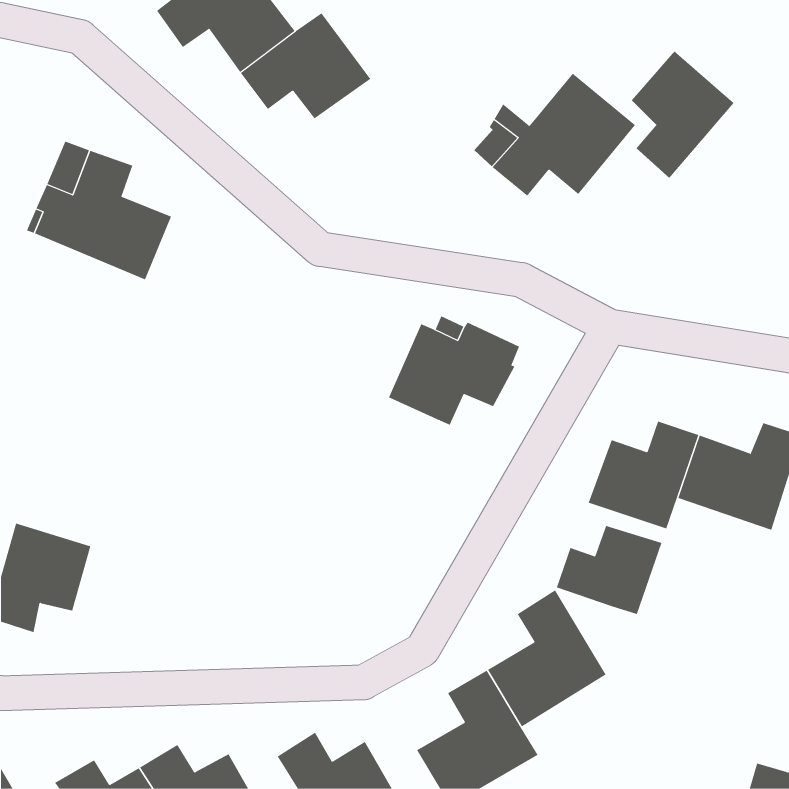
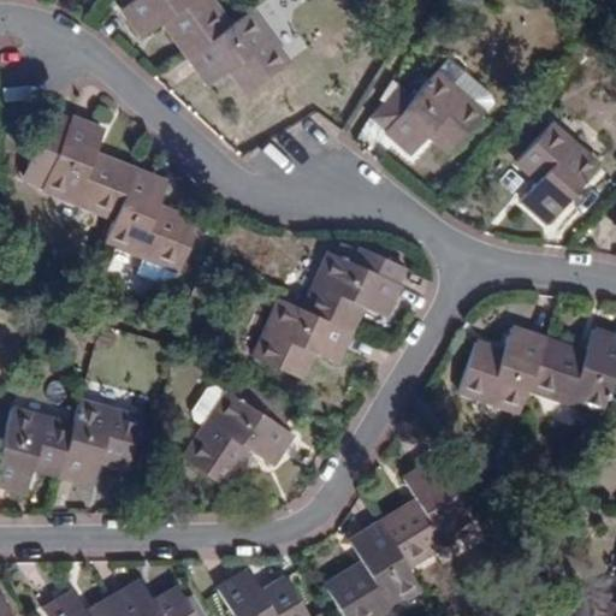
building: [631,51,734,179] -> [517,123,598,223]
building: none -> [106,168,199,271]
building: none -> [253,298,351,378]
building: none -> [183,387,295,487]
building: none -> [58,398,142,485]
building: [556,525,662,615] -> none

